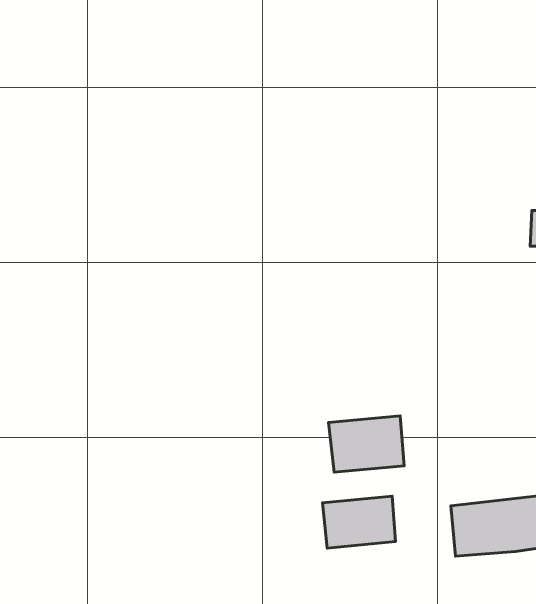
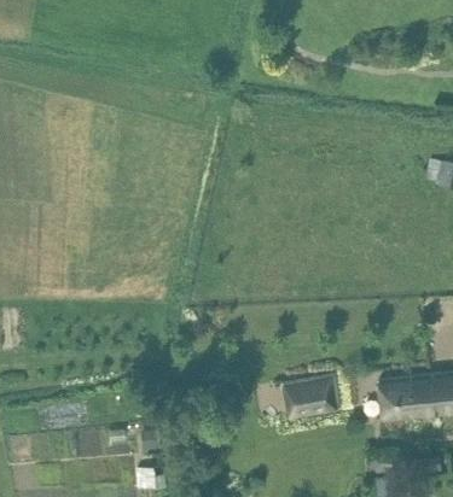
building: [328,416,404,472] -> none

